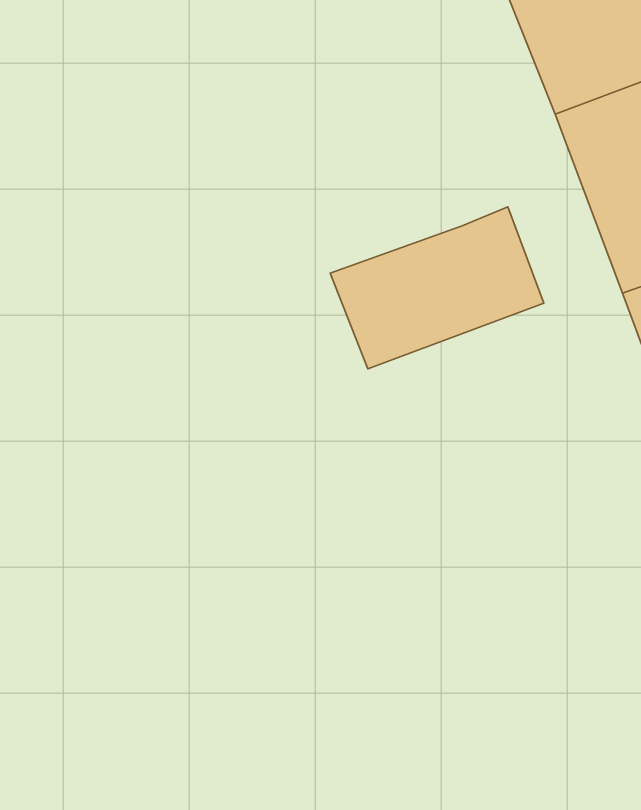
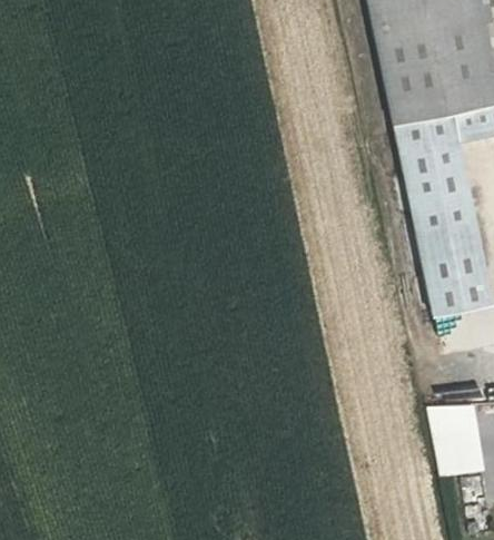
building: [330,207,544,369] -> none

